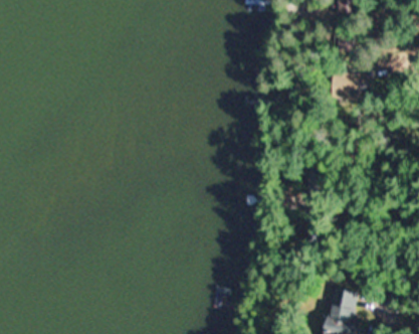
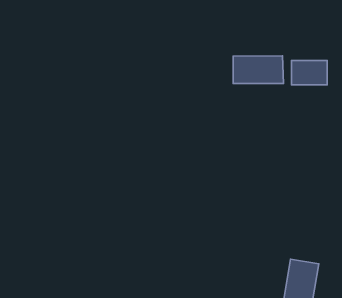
building: none -> [233,56,284,84]

